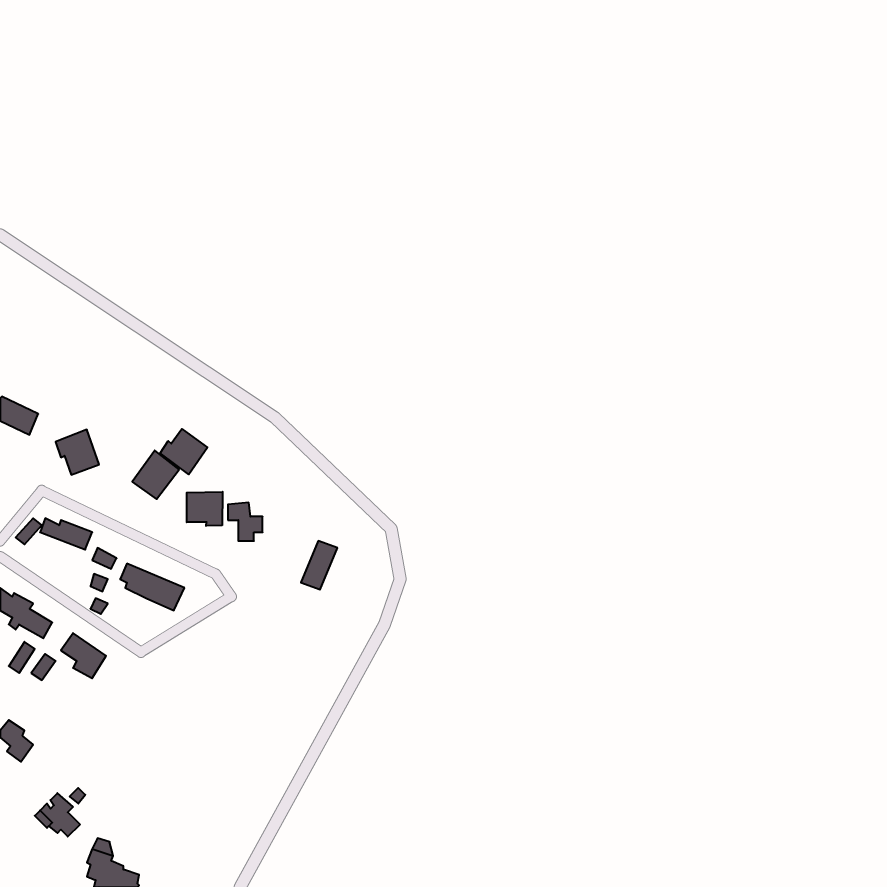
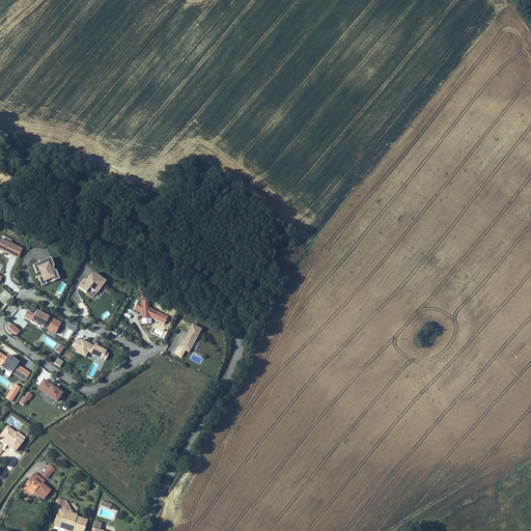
building: [160,429,207,474] -> none
building: [187,492,223,526] -> none

